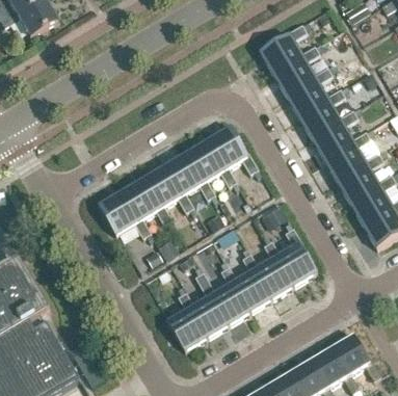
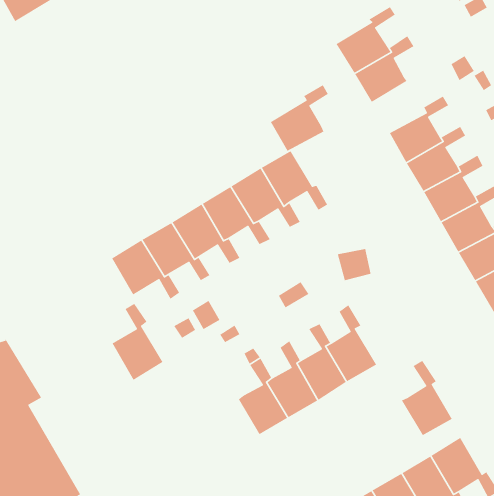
building: [288,67,330,115] -> [270,84,329,152]
building: [276,228,314,283] -> [401,360,453,436]
building: [169,291,207,347] -> [112,303,163,381]

